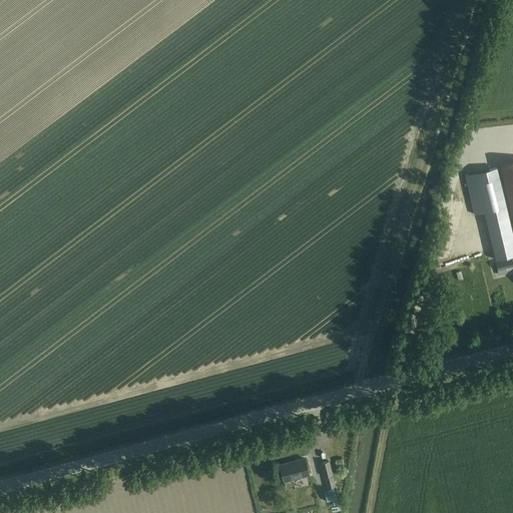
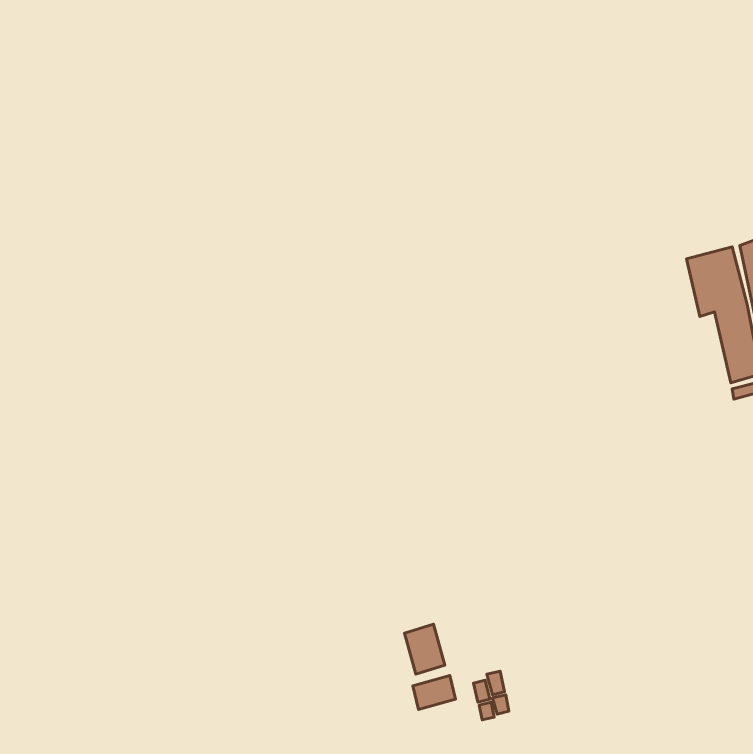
building: none -> [404,624,445,674]

